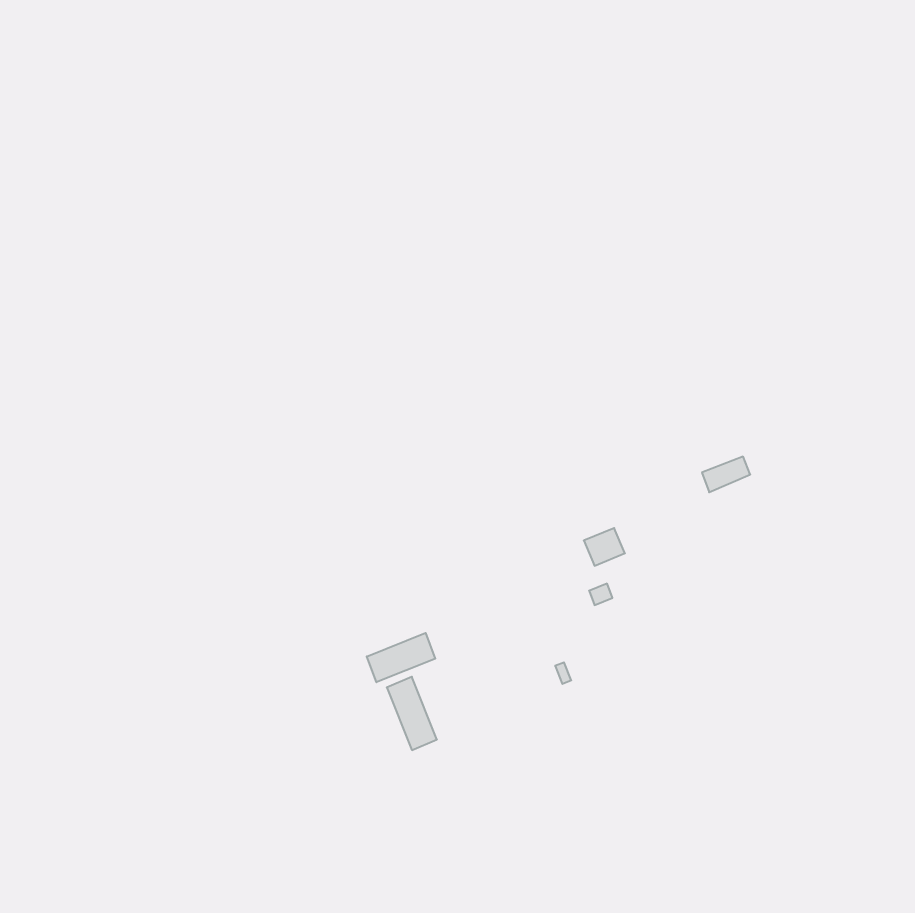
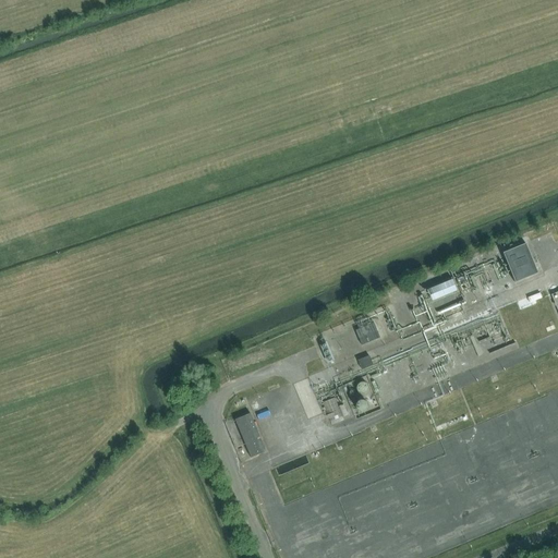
building: none -> [502,242,538,281]
building: [367,633,435,682] -> none

